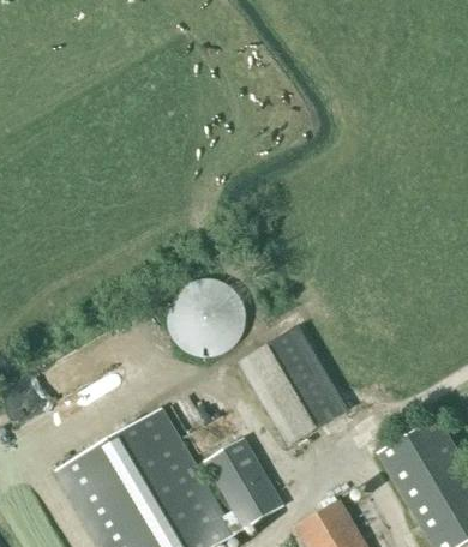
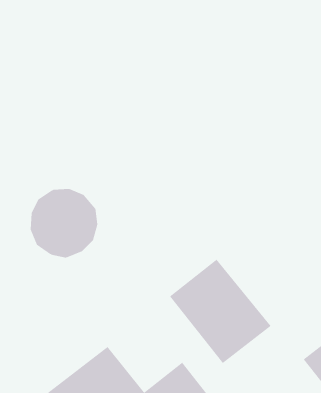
building: [167,279,244,357] -> [30,188,98,258]

